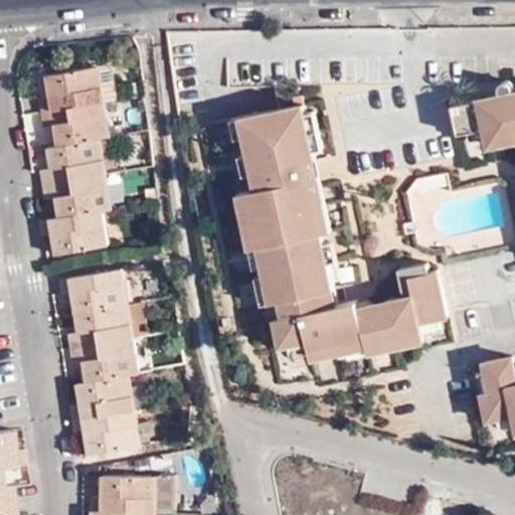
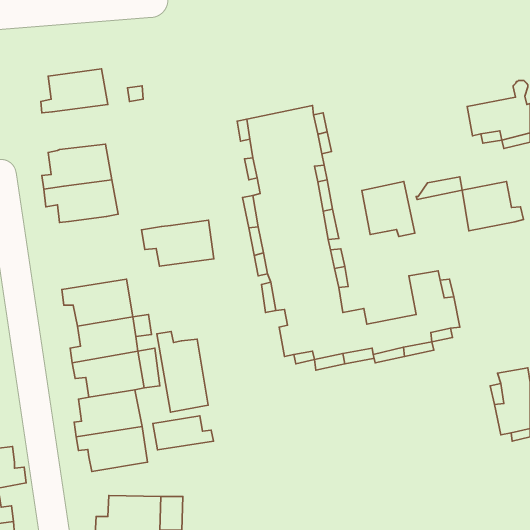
building: [40,105,110,148] -> none
building: none -> [362,181,415,237]
building: none -> [462,182,524,231]
building: [38,212,108,256] -> [142,220,214,266]
building: none -> [157,331,208,412]
building: none -> [153,416,213,450]

